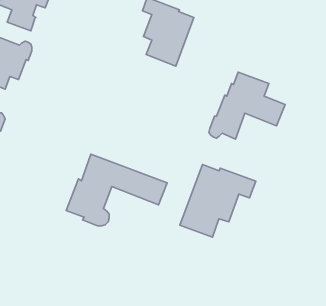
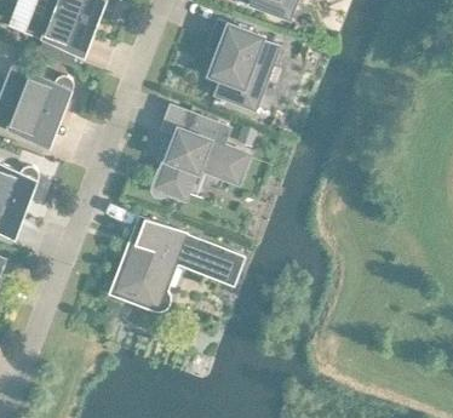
building: [209,72,285,139] -> [150,114,247,199]
building: [180,164,256,237] -> none

